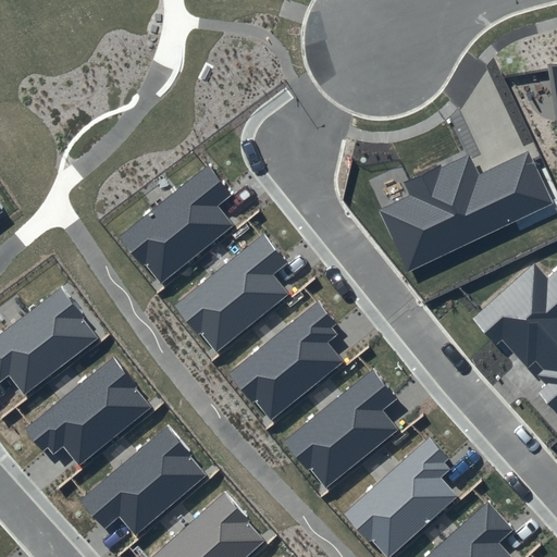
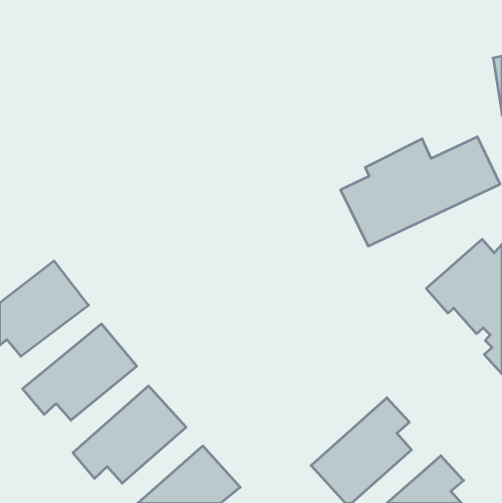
building: [120,165,232,284] -> none
building: [175,235,287,354] -> none
building: [231,301,343,420] -> none
building: [285,371,397,488] -> none

